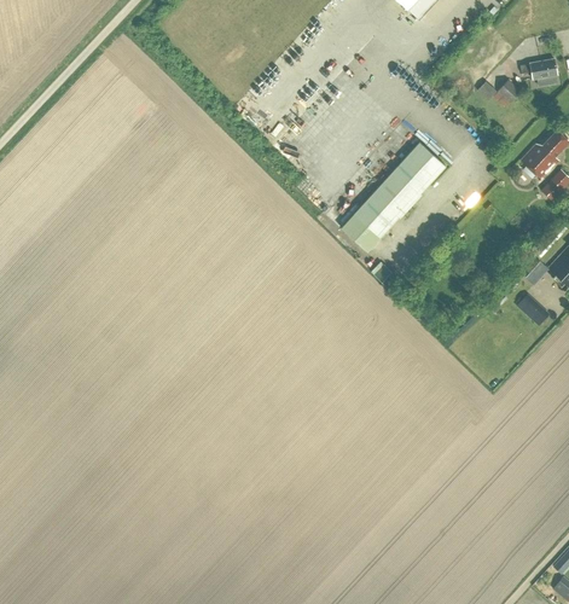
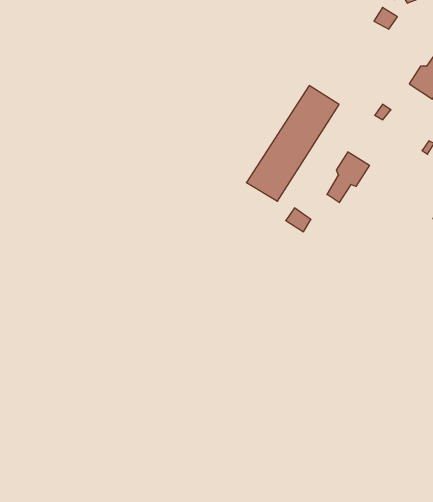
building: none -> [327,152,369,203]

